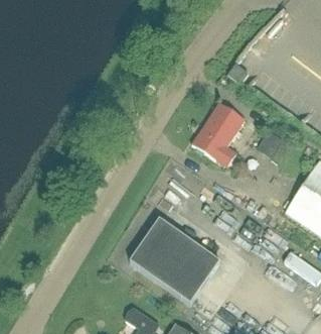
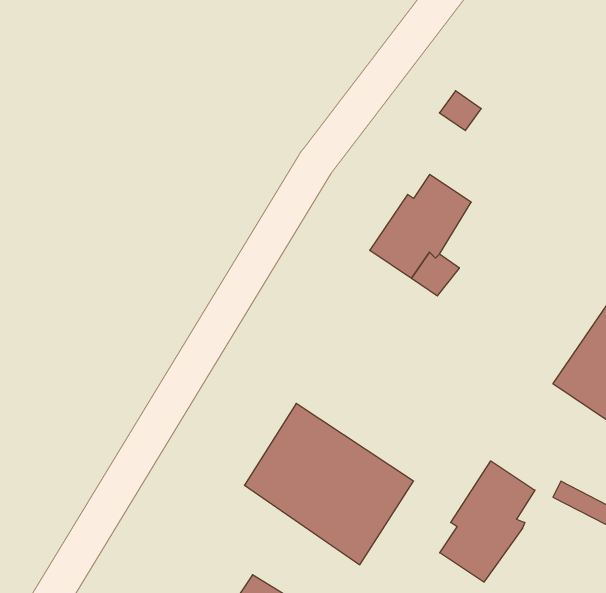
building: none -> [440,461,535,582]

